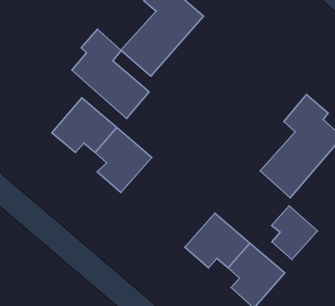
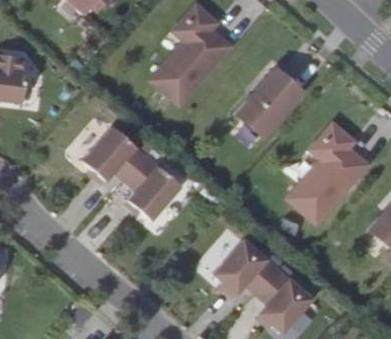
building: [72,29,149,118] -> none
building: none -> [237,69,303,137]
building: [272,206,318,260] -> none

